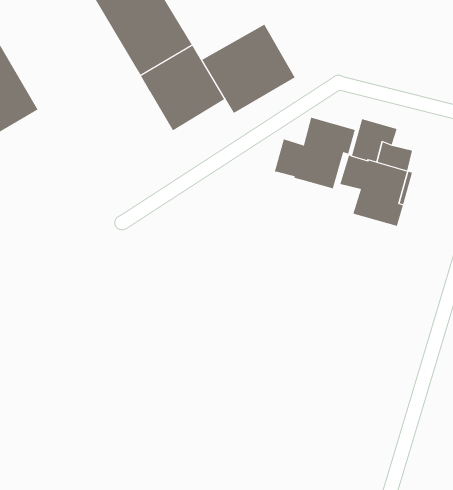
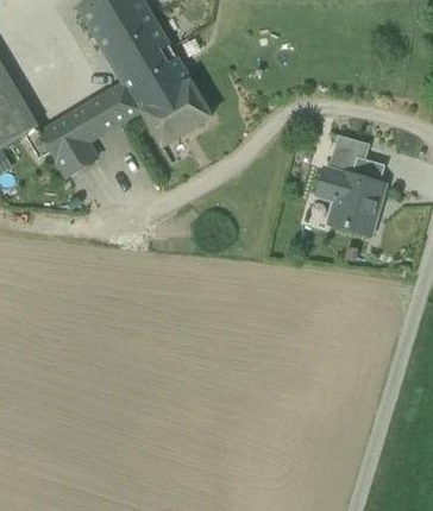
building: [202,24,296,114] -> none
building: none -> [40,82,140,175]
building: [274,117,356,189] -> none

